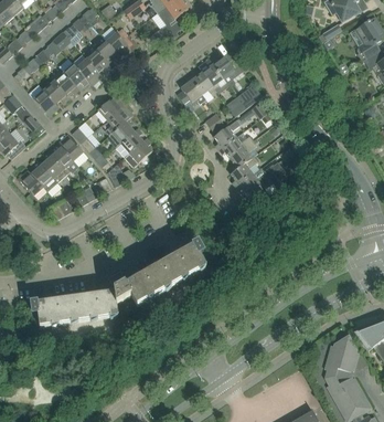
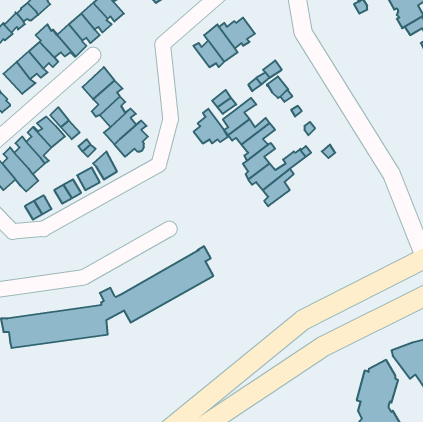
building: [178,75,206,104] -> [194,109,228,143]

